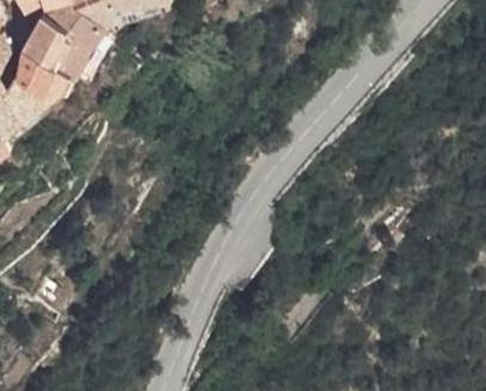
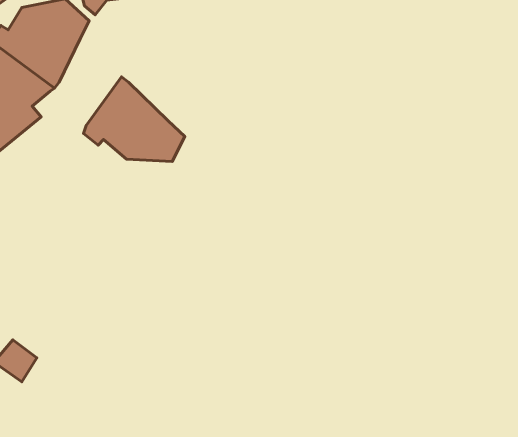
building: none -> [84,77,185,162]

